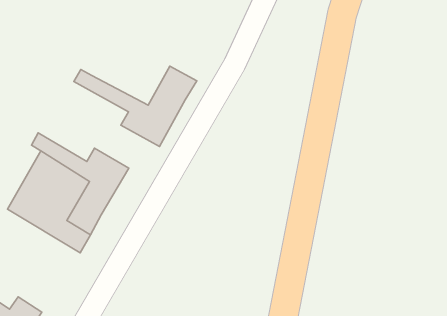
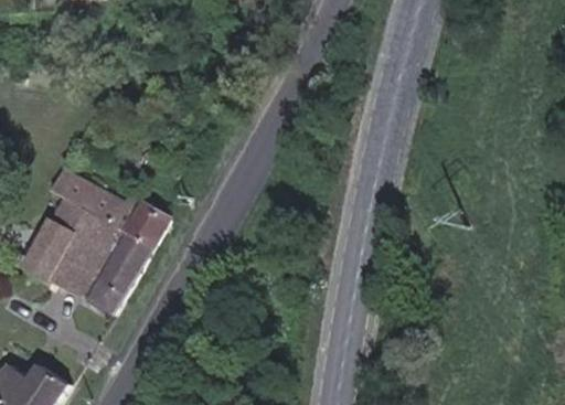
building: [74,66,197,147] -> none

